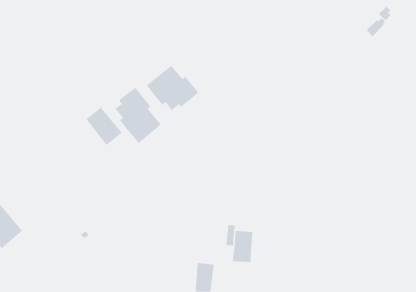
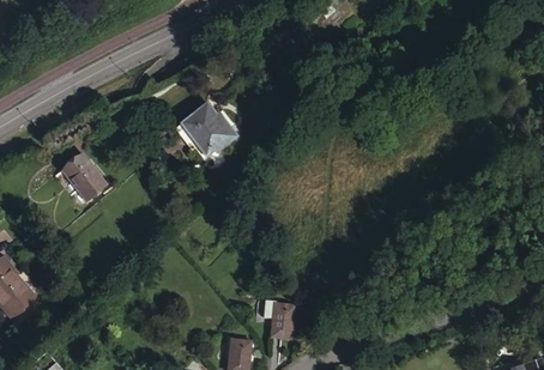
building: [114,87,161,144] -> none
building: [86,107,122,146] -> [61,153,104,199]

